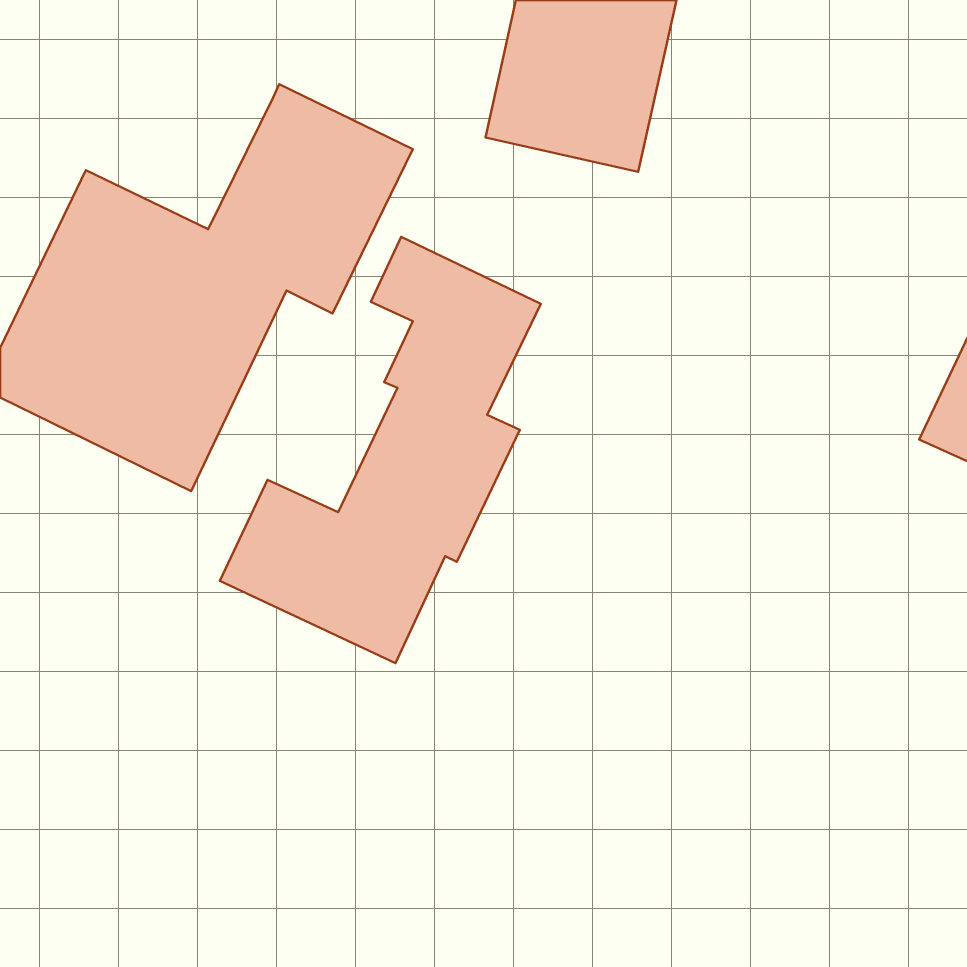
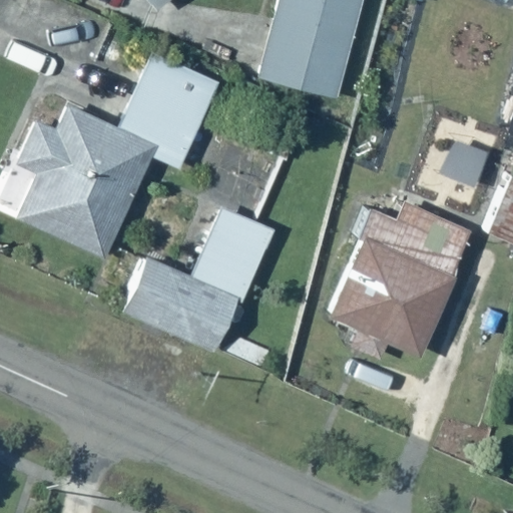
building: none -> [332,192,474,363]

